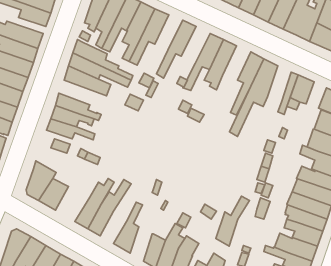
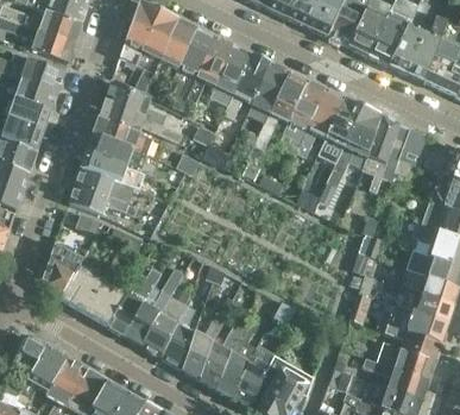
building: none -> [215,46,252,94]
building: none -> [247,62,290,122]
building: none -> [297,88,345,156]
building: none -> [361,115,399,191]
building: none -> [86,134,151,175]
building: none -> [81,278,127,326]
building: none -> [141,289,193,356]
building: [216,196,249,246] -> [182,312,227,379]

